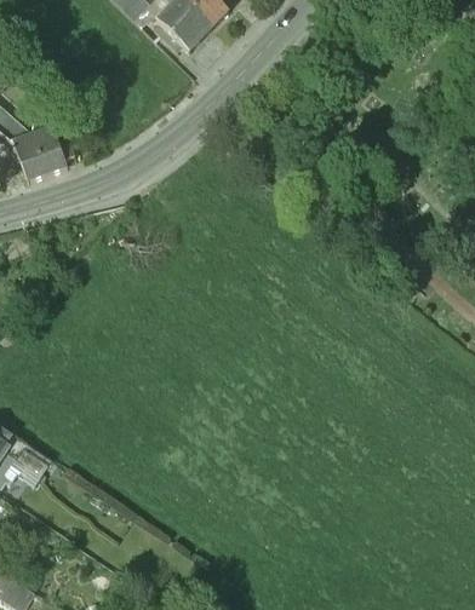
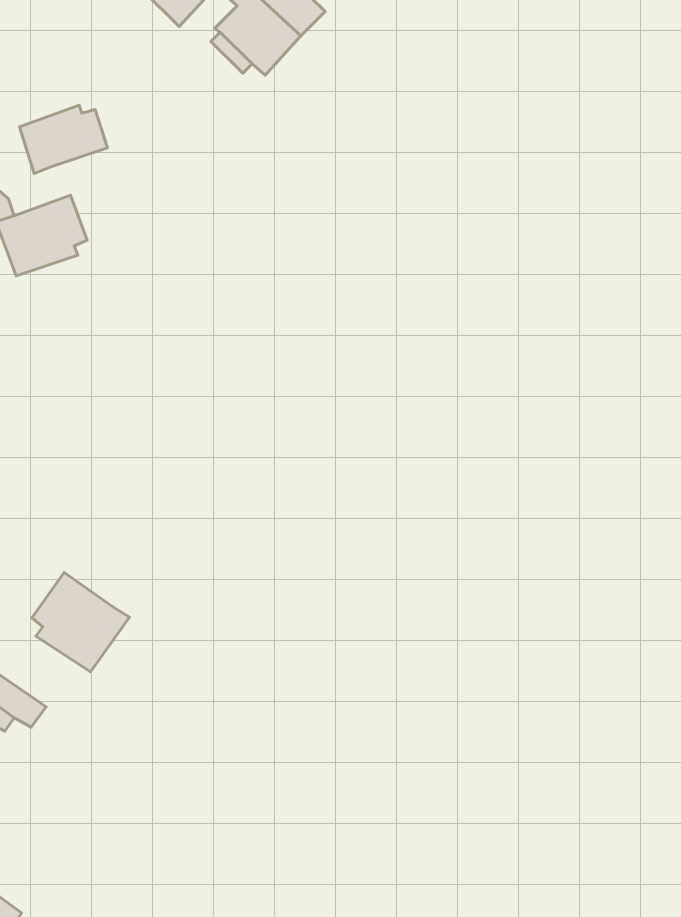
building: none -> [19,105,107,173]
building: none -> [32,572,130,672]

